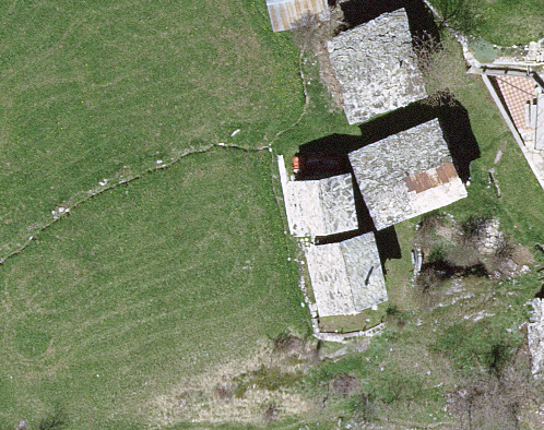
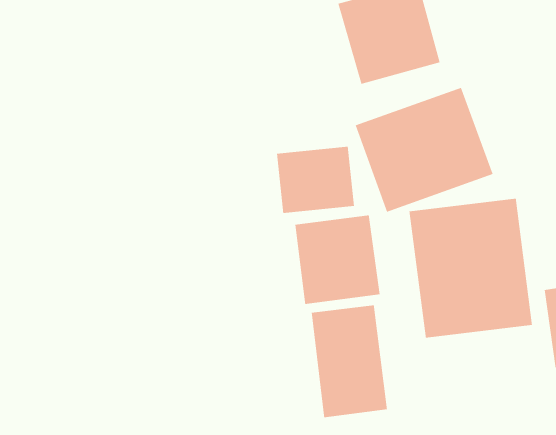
building: none -> [409,198,533,338]
building: none -> [311,305,388,418]

